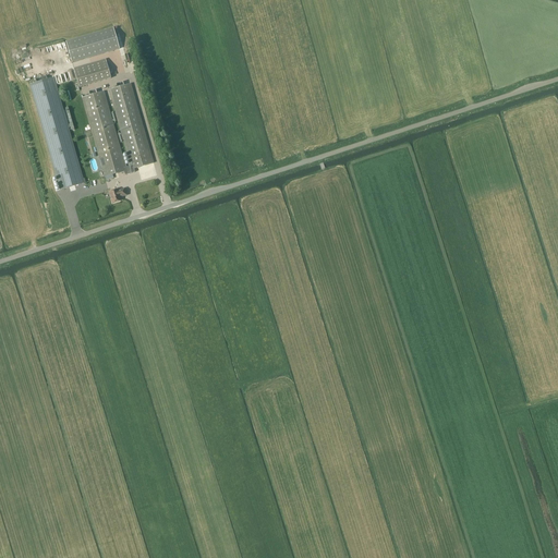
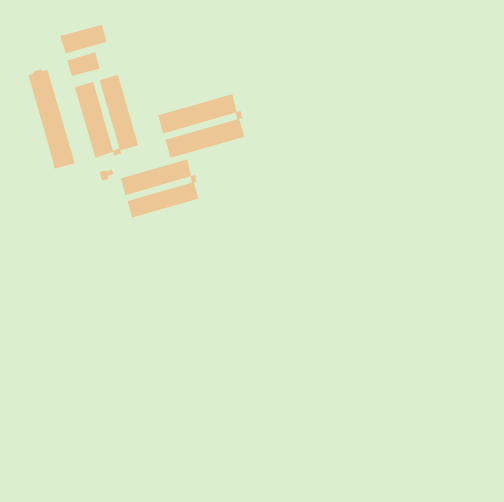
building: none -> [157,93,246,159]
building: none -> [120,158,200,219]

